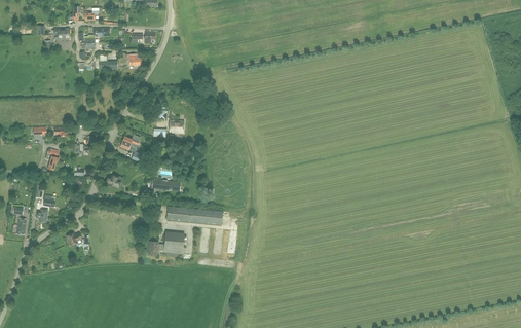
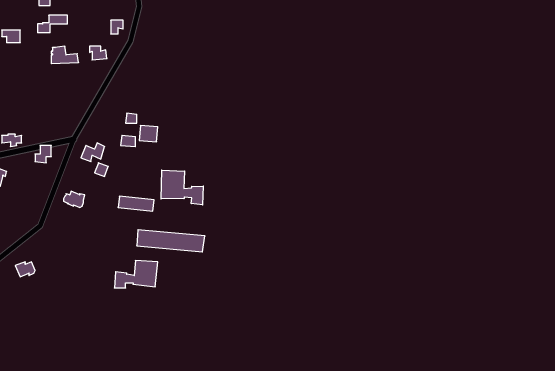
building: none -> [161,170,203,205]

